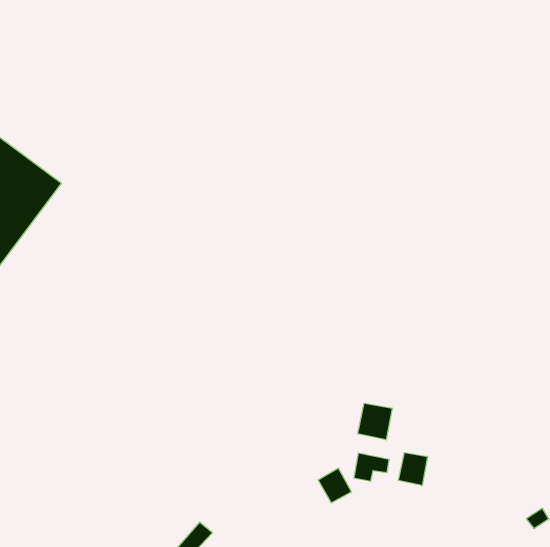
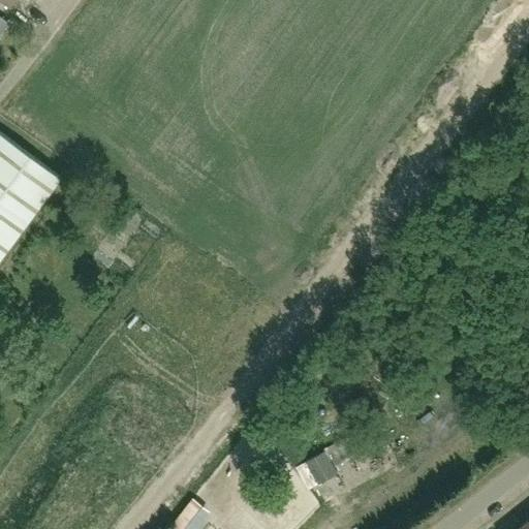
building: [358,403,392,440] -> none
building: [399,453,428,486] -> none

